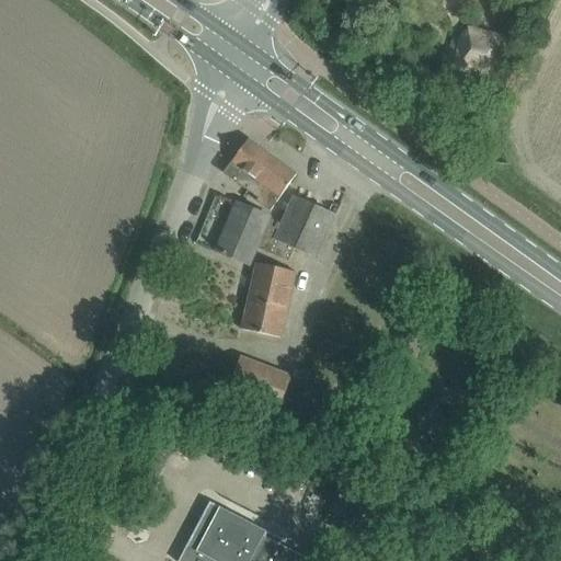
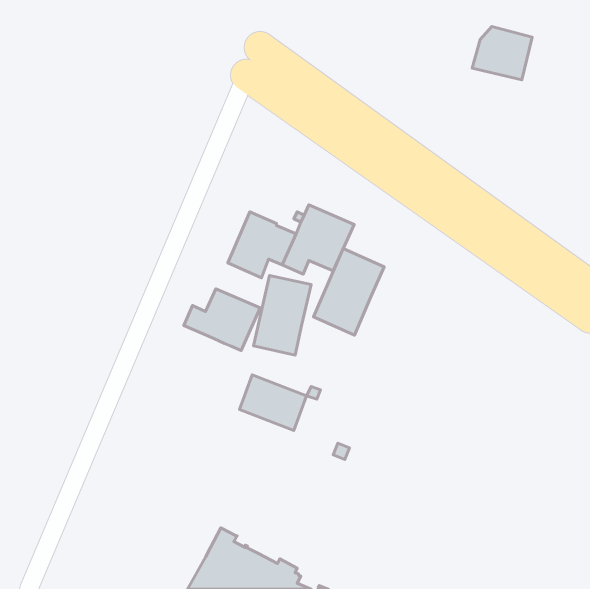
building: [222,137,296,208] -> none
building: none -> [313,249,384,335]
building: none -> [184,289,260,351]

